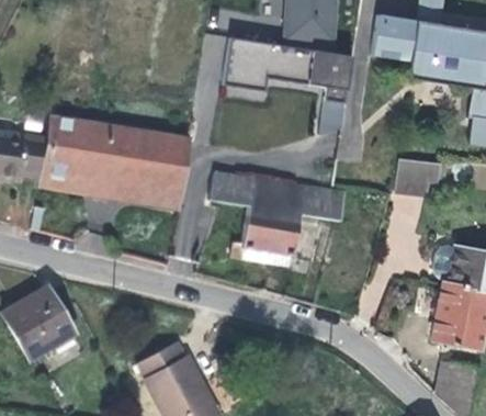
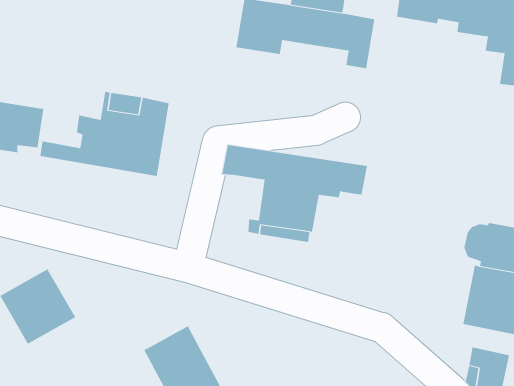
building: [43,115,101,176] -> none
building: [150,134,190,206] -> none
building: [396,158,441,196] -> none

